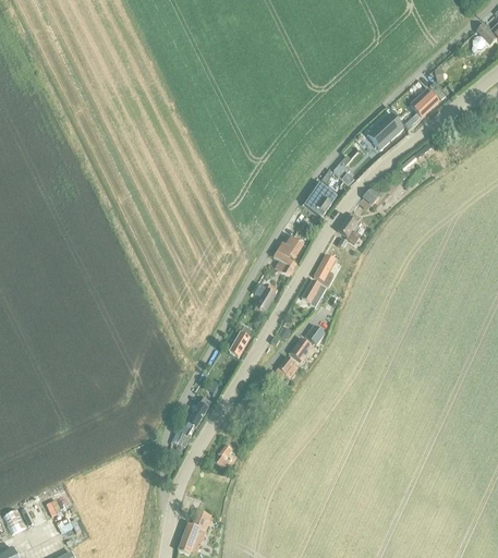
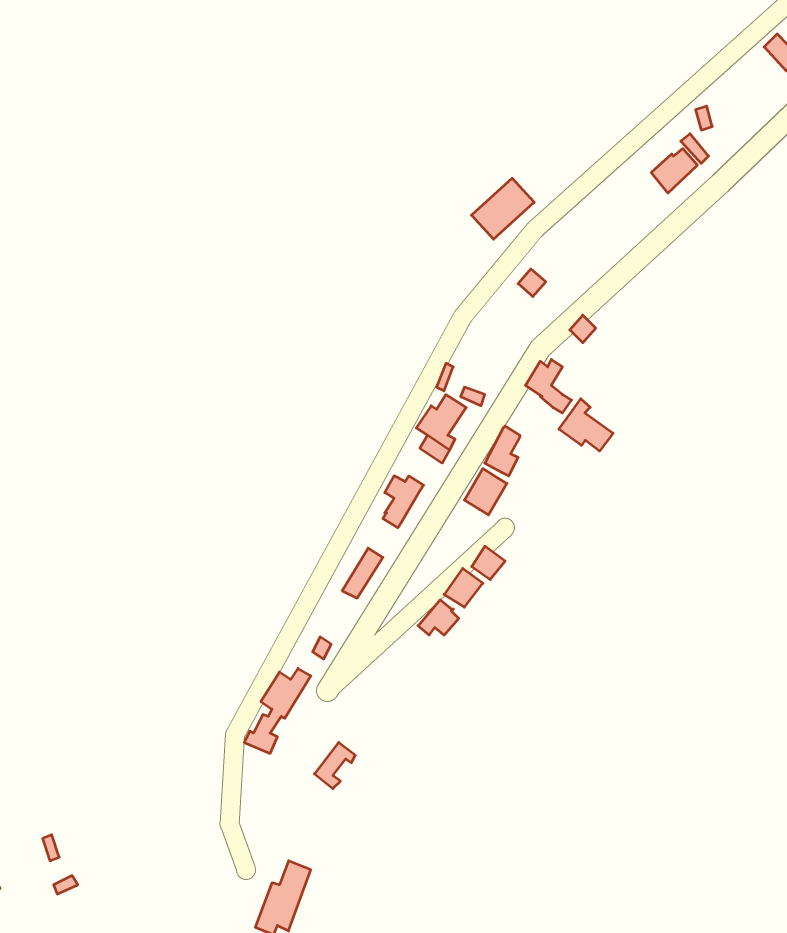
building: [366,112,403,148] -> [471,178,534,239]
building: [304,181,337,215] -> none
building: none -> [559,399,613,451]

